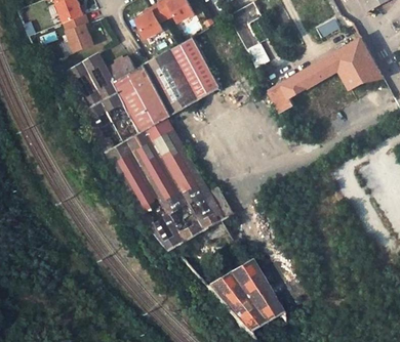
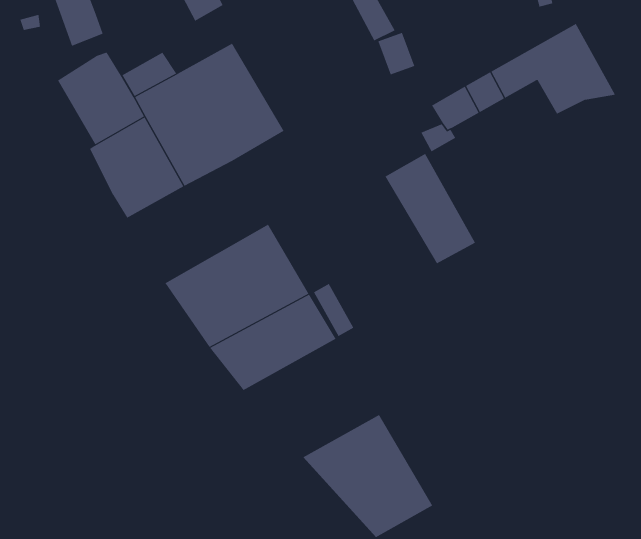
building: [165,35,217,98] -> [384,153,476,264]
building: [105,116,186,185] -> none

